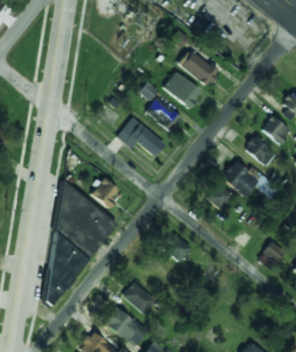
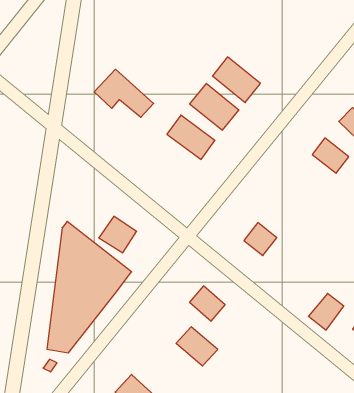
building: [117,118,164,156] -> [94,69,154,117]
building: [245,135,276,166] -> none
building: [221,160,280,199] -> none
building: [123,282,156,313] -> [176,327,218,366]

